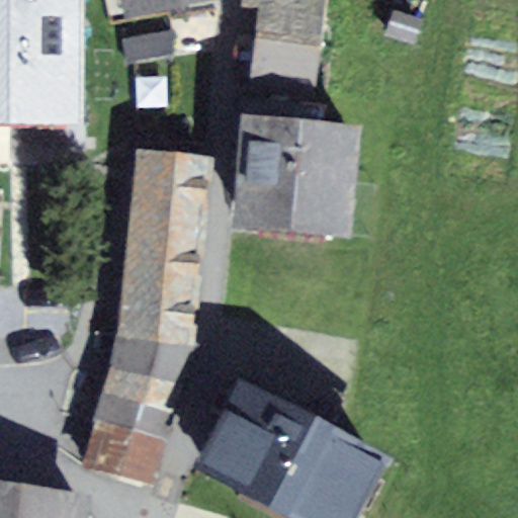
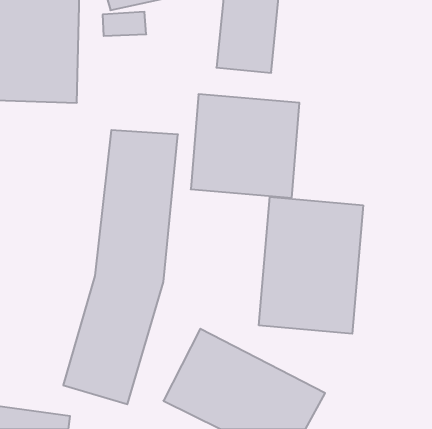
building: none -> [259,197,363,334]

